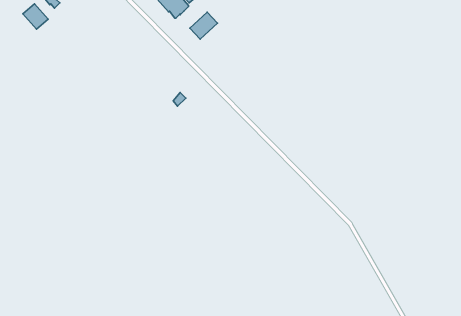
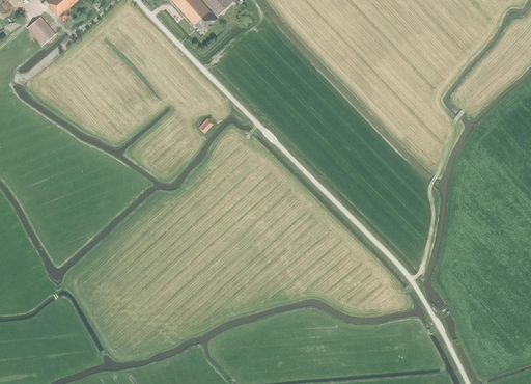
building: [190,12,218,39] -> none

